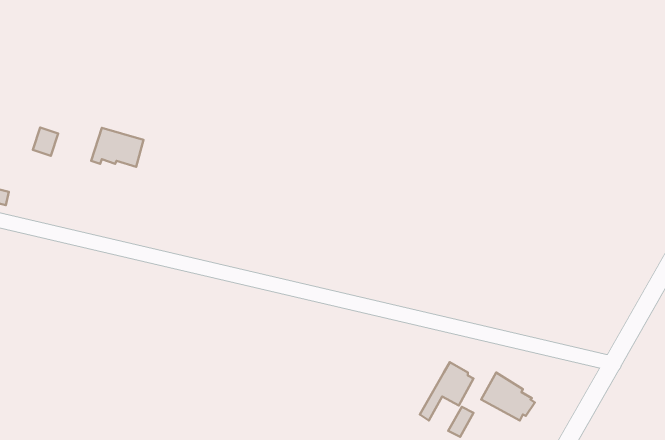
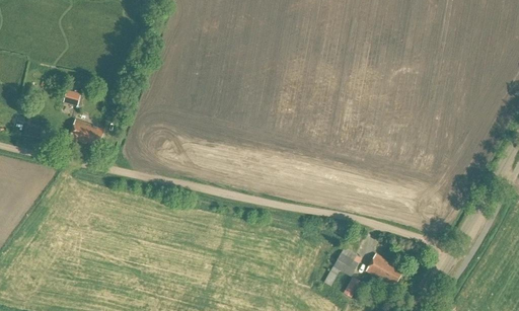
building: [91,128,144,167] -> [69,120,104,146]

